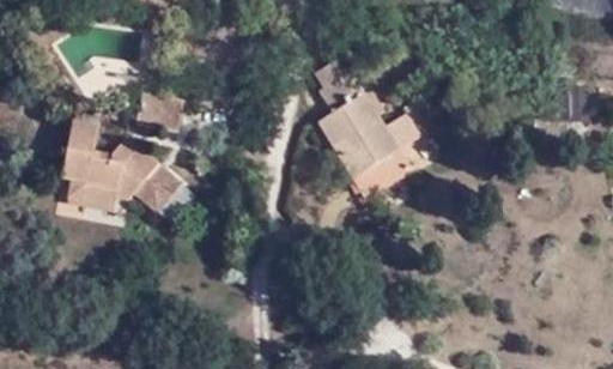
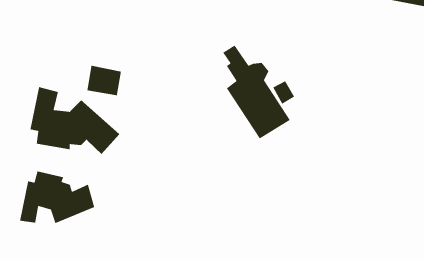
building: none -> [19,170,95,224]

